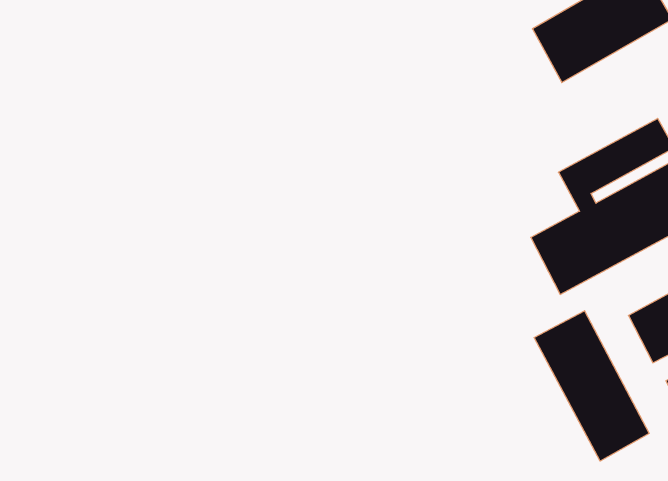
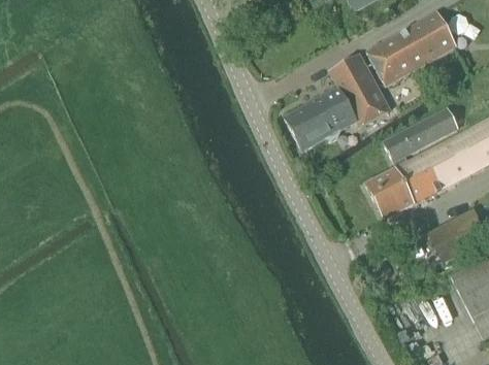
building: none -> [285,55,390,151]
building: [534,311,649,461] -> none

